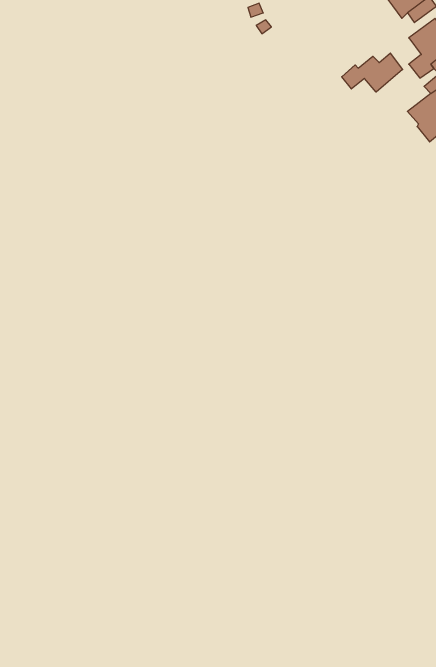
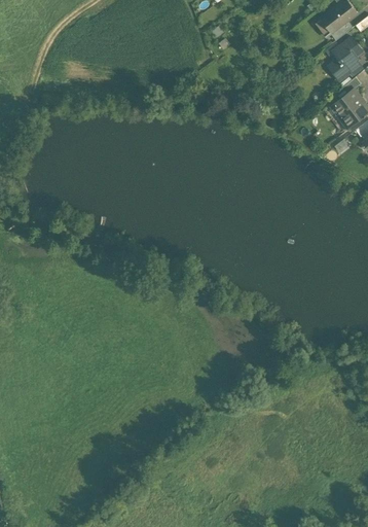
building: [342,53,403,92] -> none

